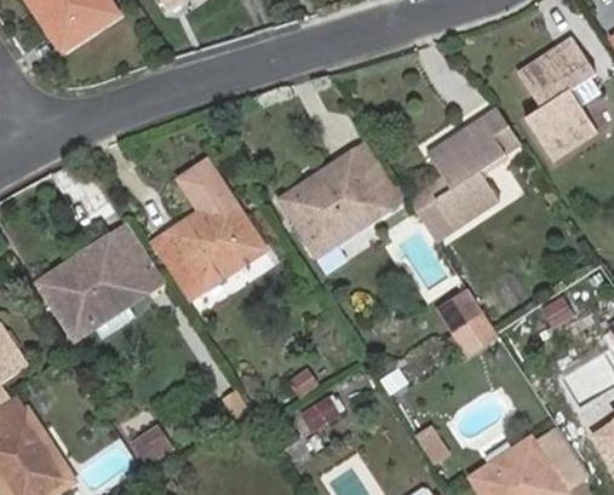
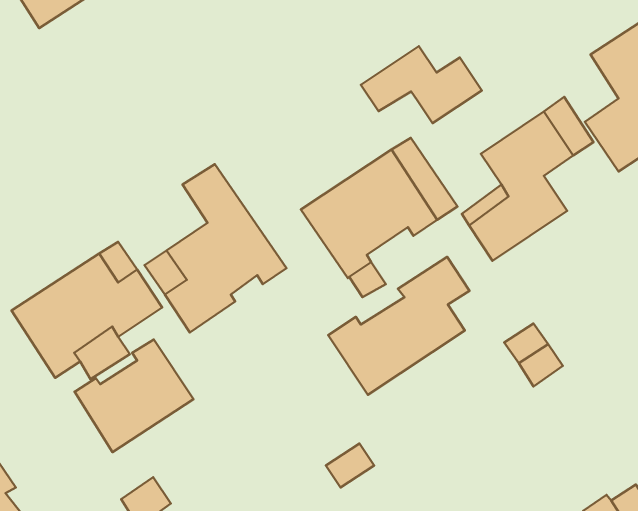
building: none -> [361,46,482,123]
building: none -> [328,257,470,395]
building: none -> [74,339,194,452]

